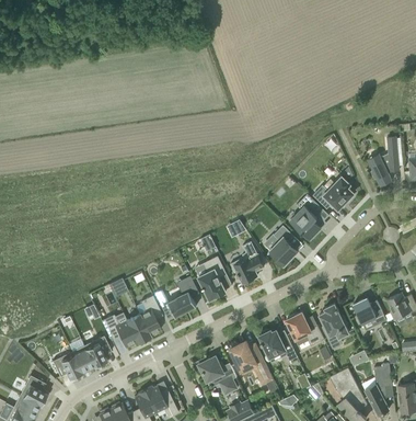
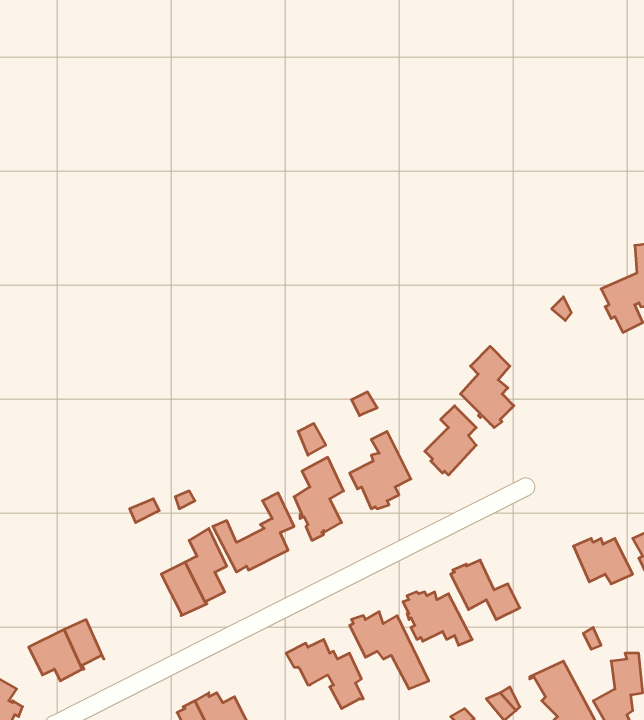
building: [312,178,353,209] -> none
building: [319,304,348,348] -> none
building: [103,315,136,348] -> none
building: [83,335,111,367] -> none

